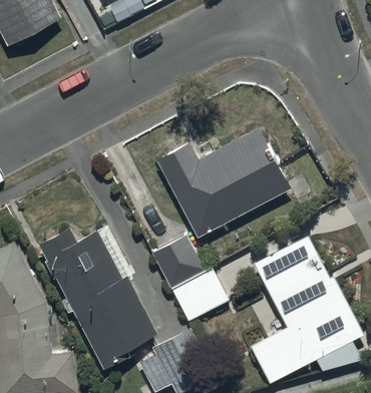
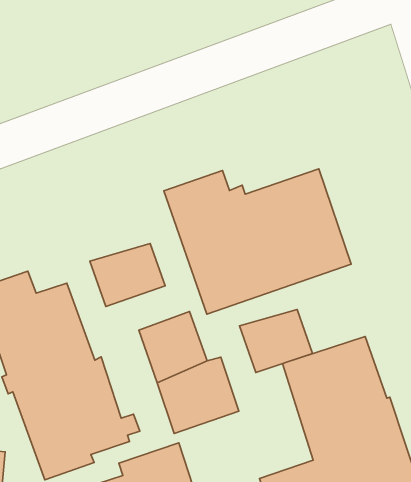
building: none -> [90,243,165,306]
building: none -> [240,310,312,372]

